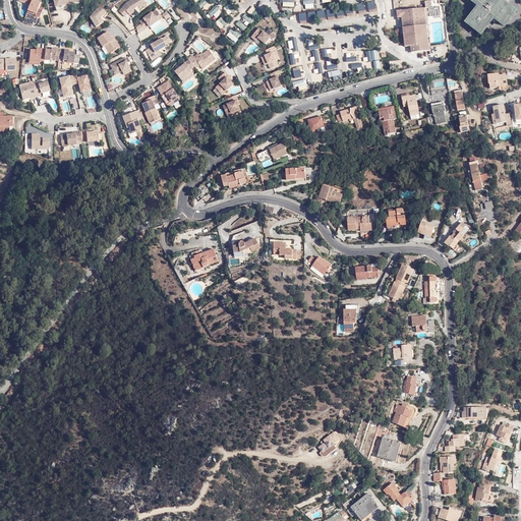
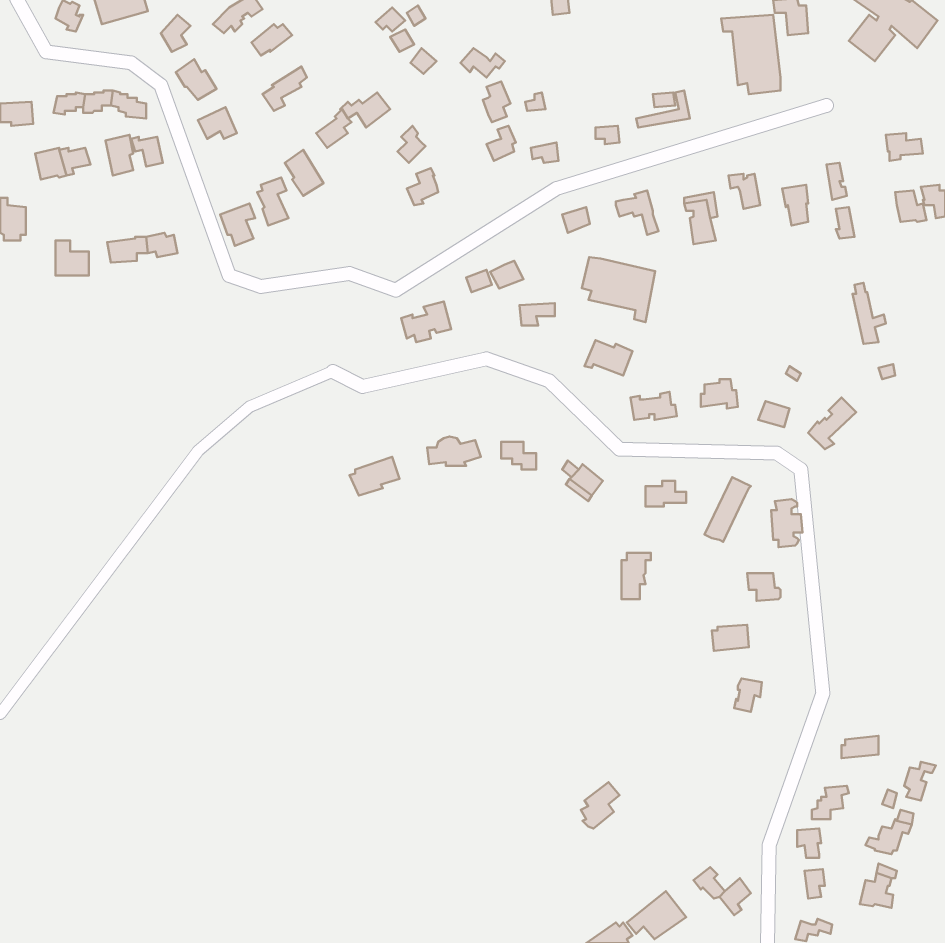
building: none -> [582,257,655,322]
building: [392,402,417,426] -> none
building: [375,433,402,458] -> none

